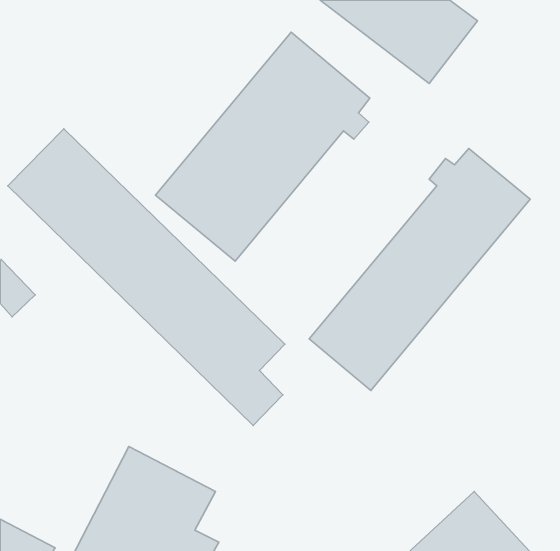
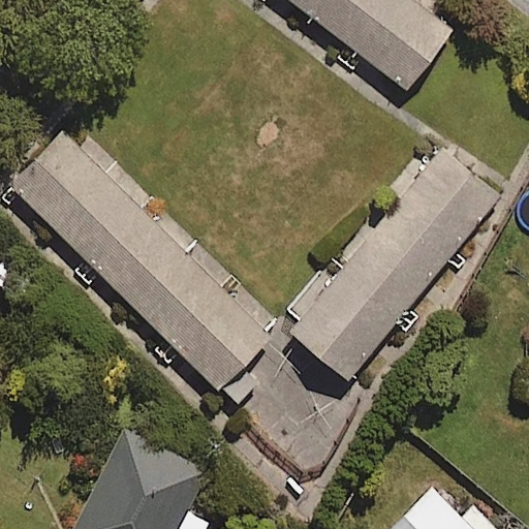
building: [155,32,370,261] -> none

